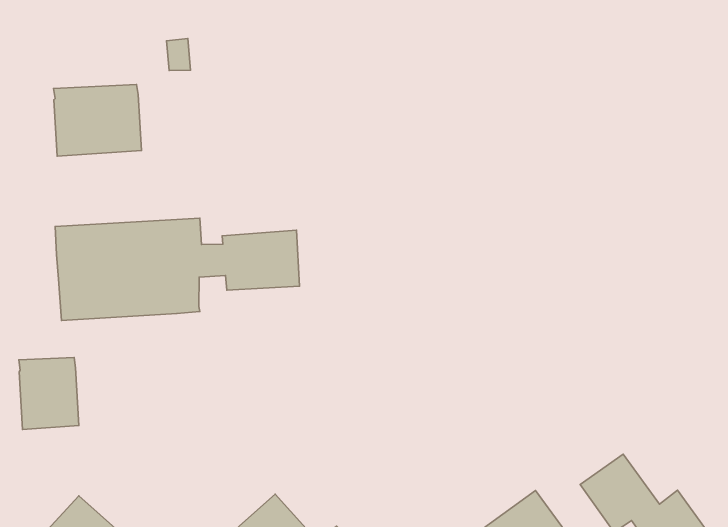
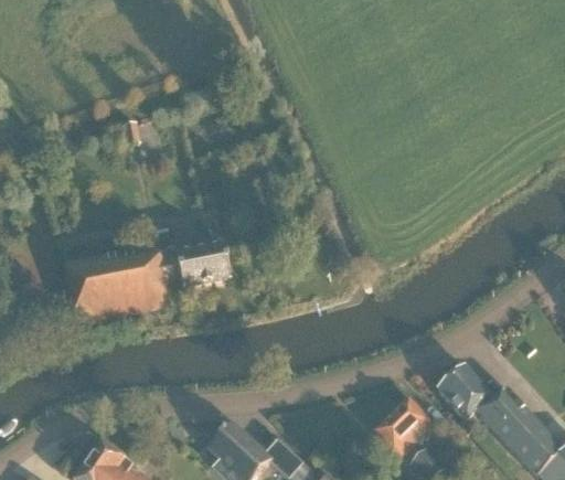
building: [54,84,141,156] -> none
building: [19,358,79,429] -> none

